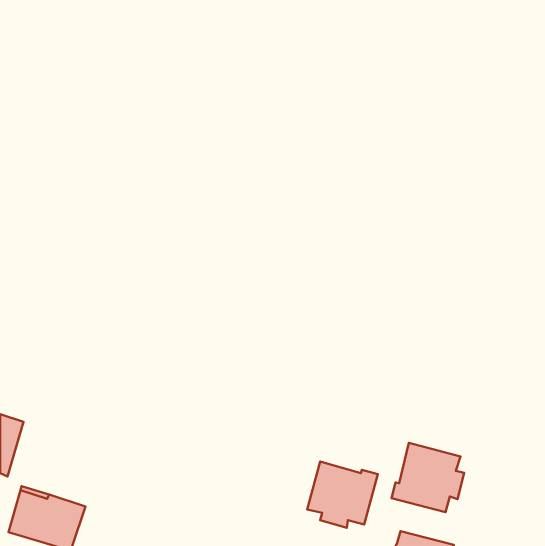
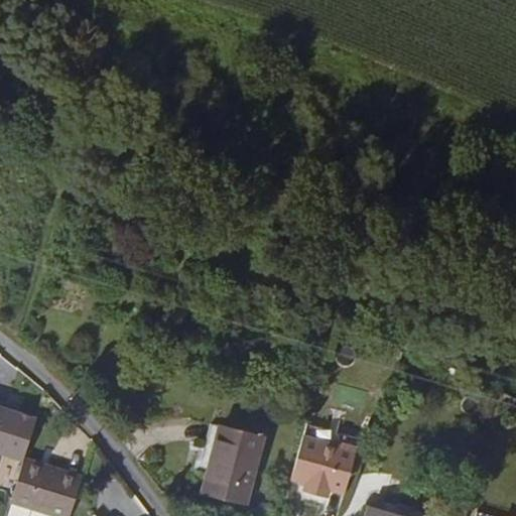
building: [391,443,464,512] -> none
building: none -> [203,426,262,504]

